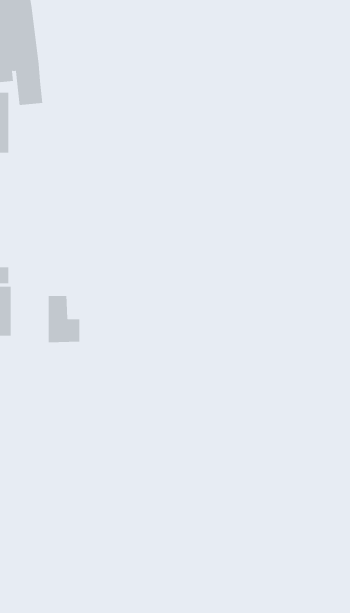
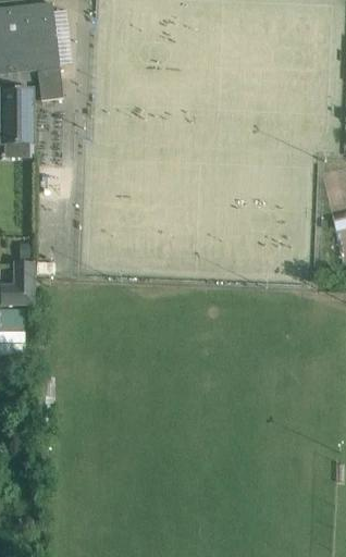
building: [48,295,80,343] -> none

